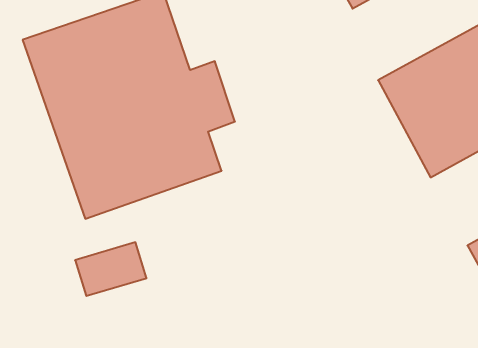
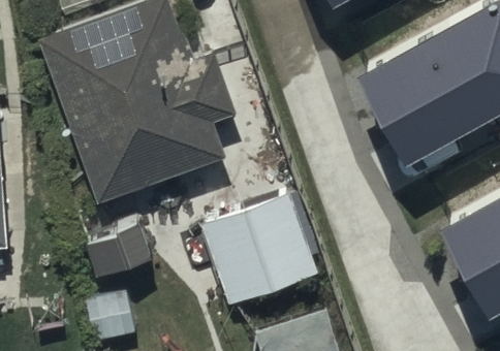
building: none -> [200,195,316,307]

